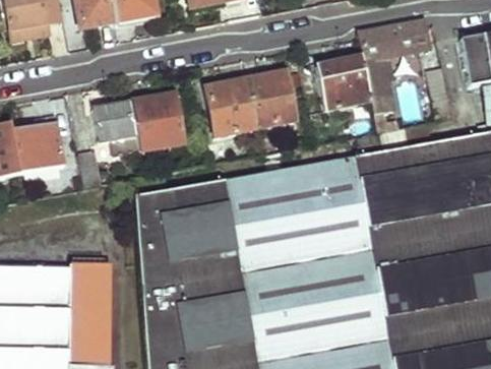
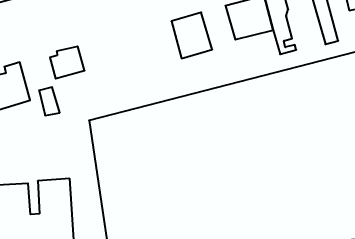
building: [203,79,255,134] -> none
building: [128,94,181,148] -> none

